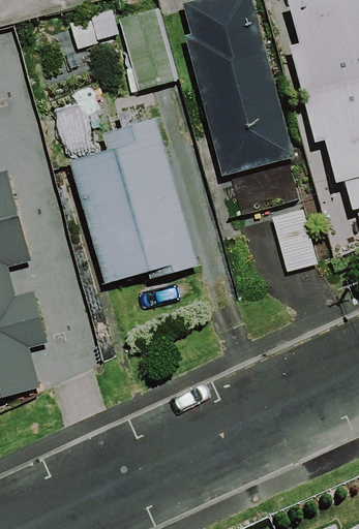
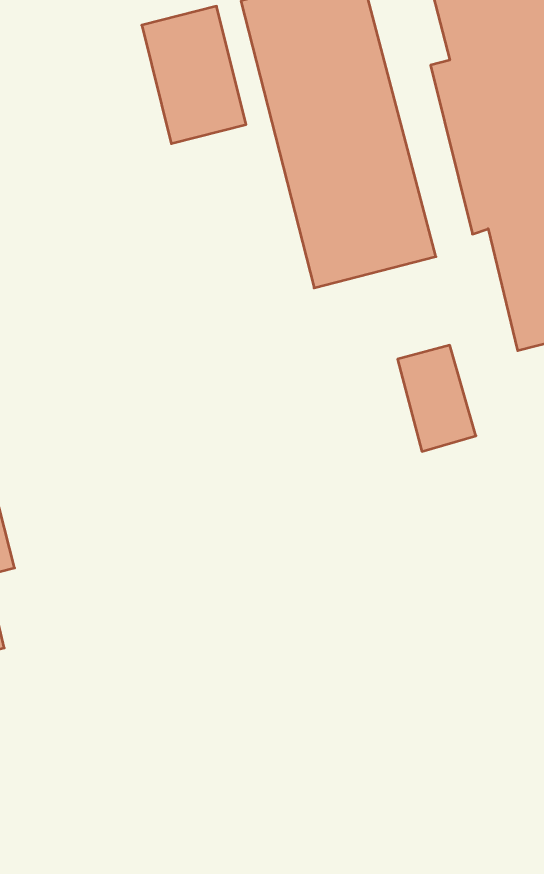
building: [68,130,197,284] -> none

